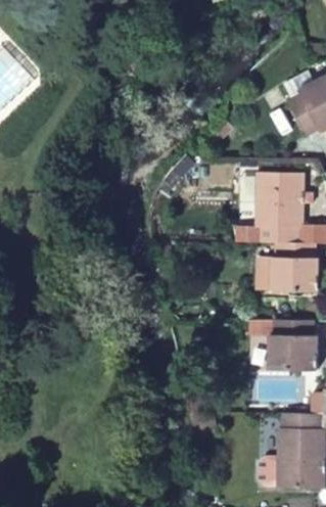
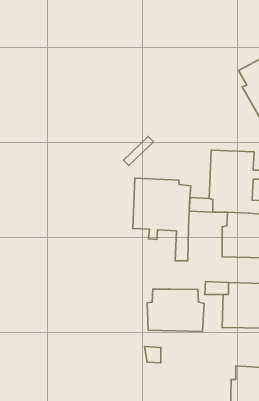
building: none -> [133,178,191,261]
building: none -> [147,289,204,332]

